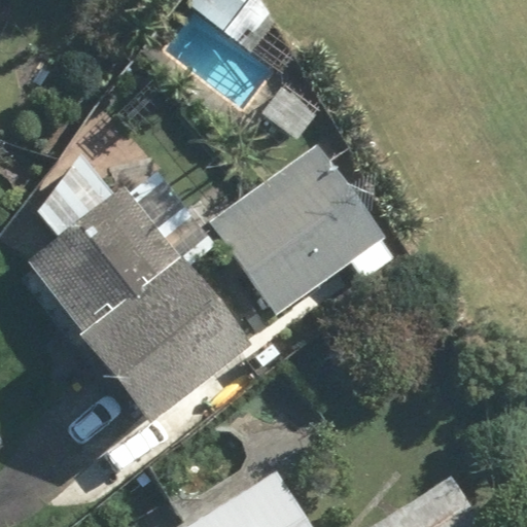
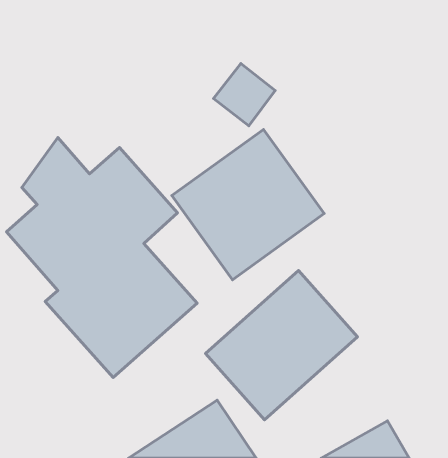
building: none -> [205,270,358,420]

